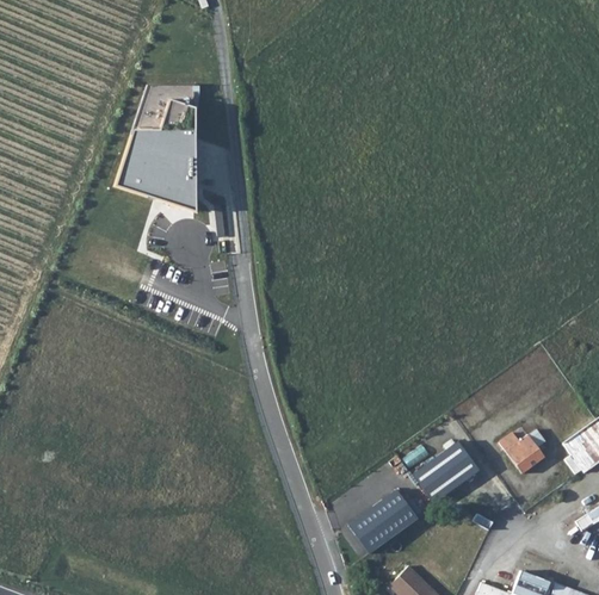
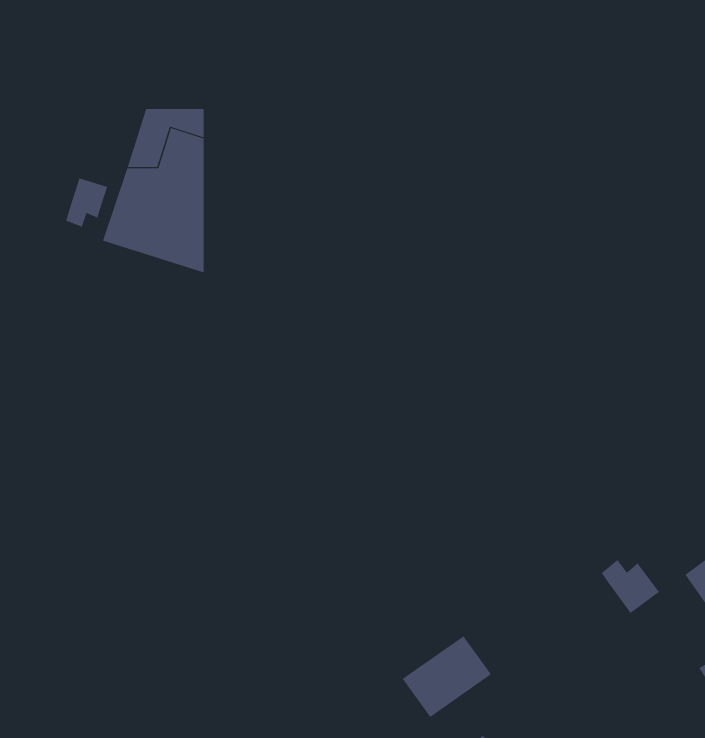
building: none -> [65,177,108,228]
building: [414,441,478,502] -> none

